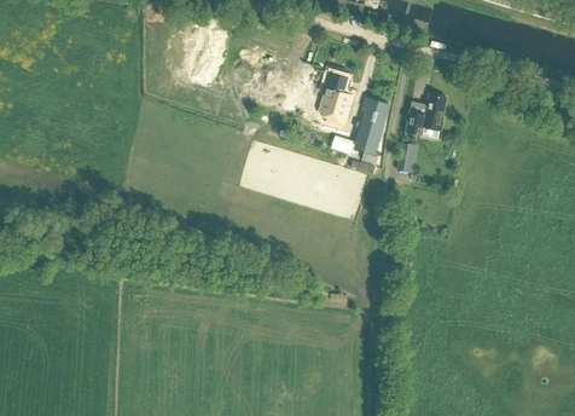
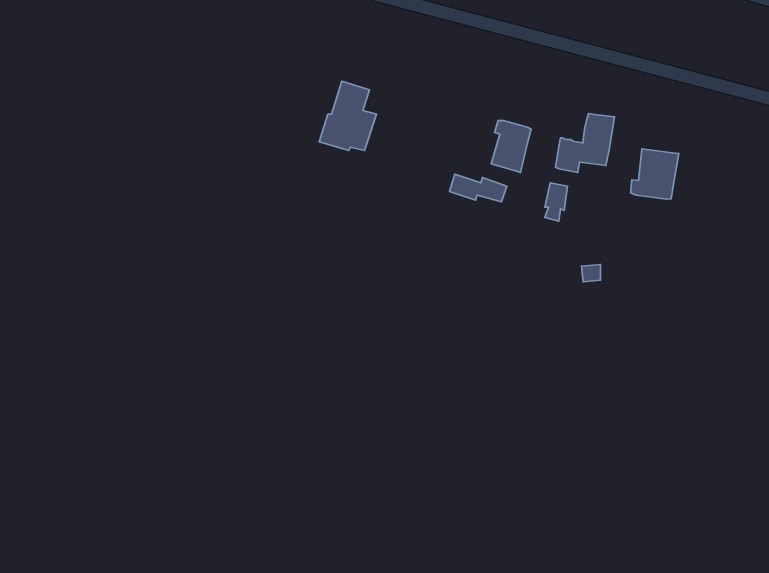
building: [313,71,353,120] -> [319,81,377,151]
building: none -> [630,149,679,199]

